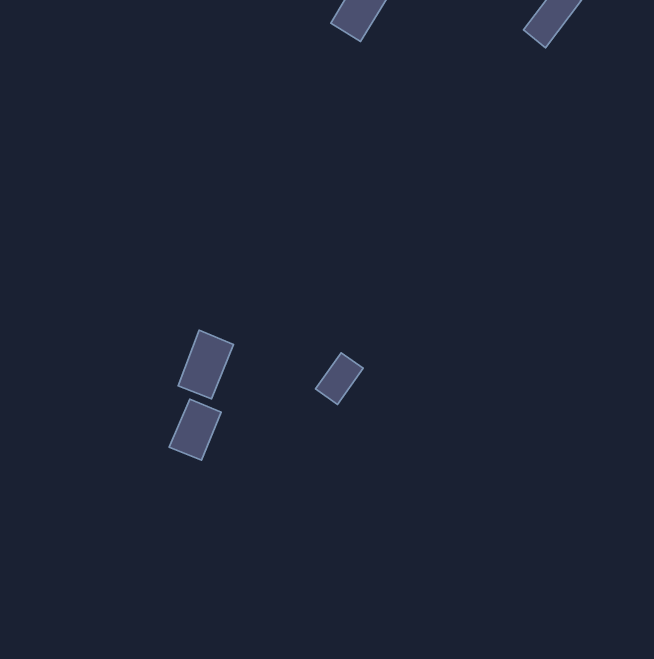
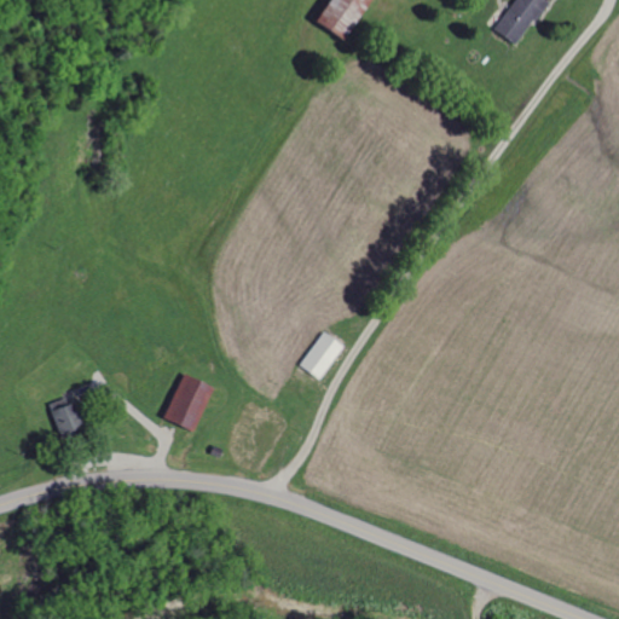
building: [178,330,234,399] -> none
building: none -> [52,401,85,434]

